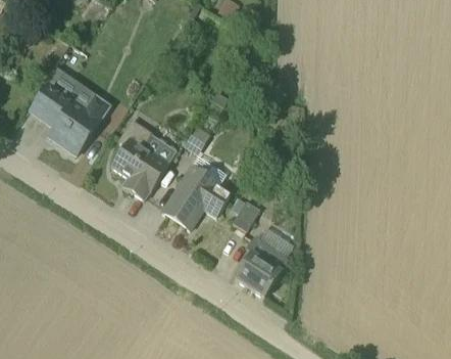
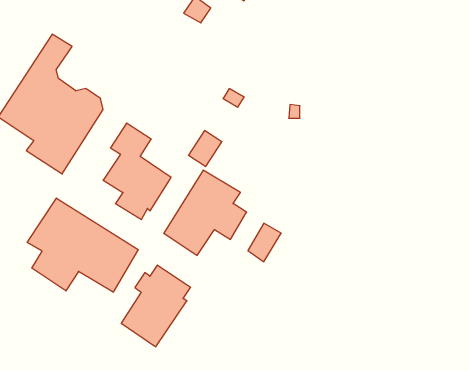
building: none -> [27,198,138,292]
building: [235,229,292,297] -> [121,265,191,347]

